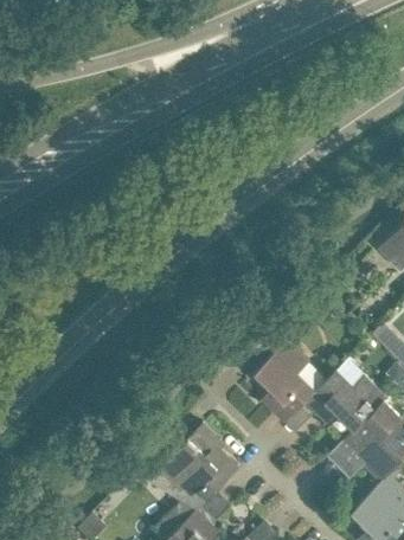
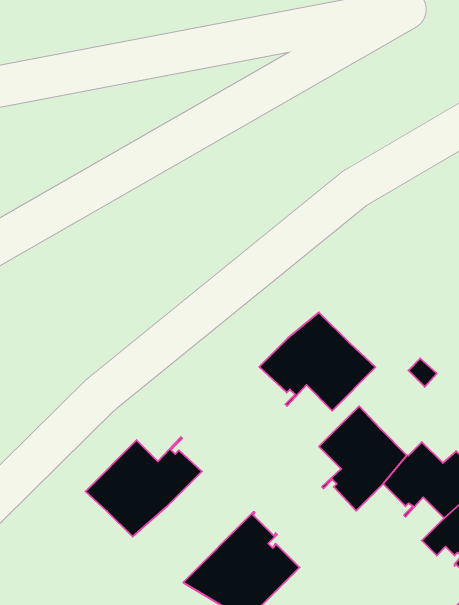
building: none -> [259,312,375,411]
building: none -> [85,437,202,537]

